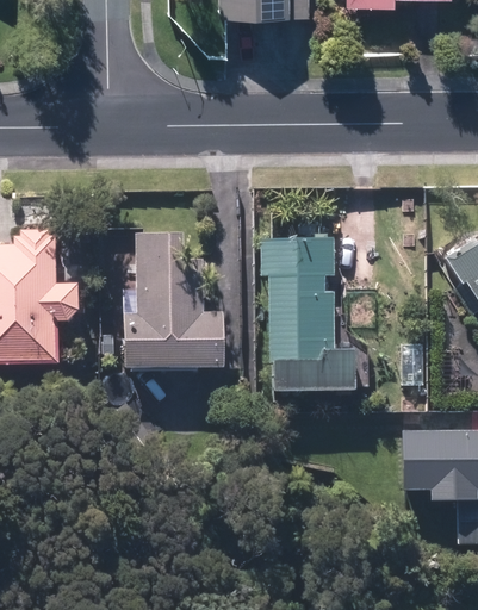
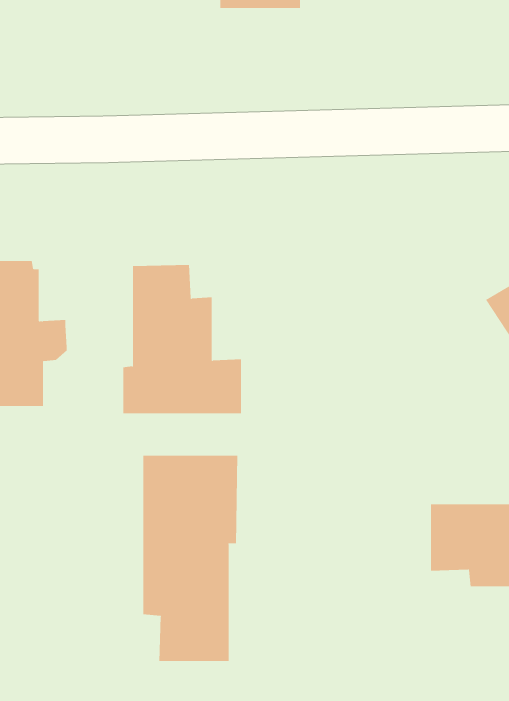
building: [266,242,341,365] -> none
building: none -> [143,455,238,662]

